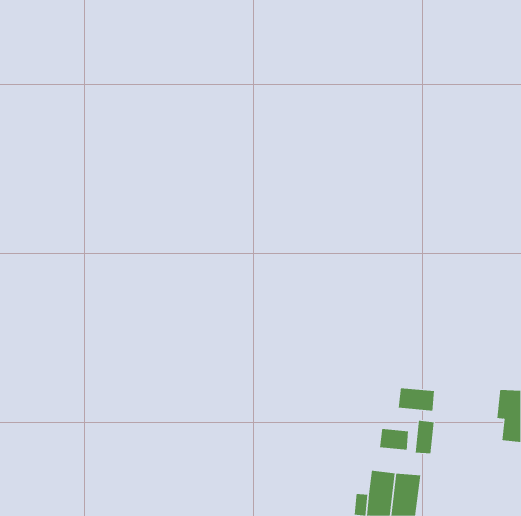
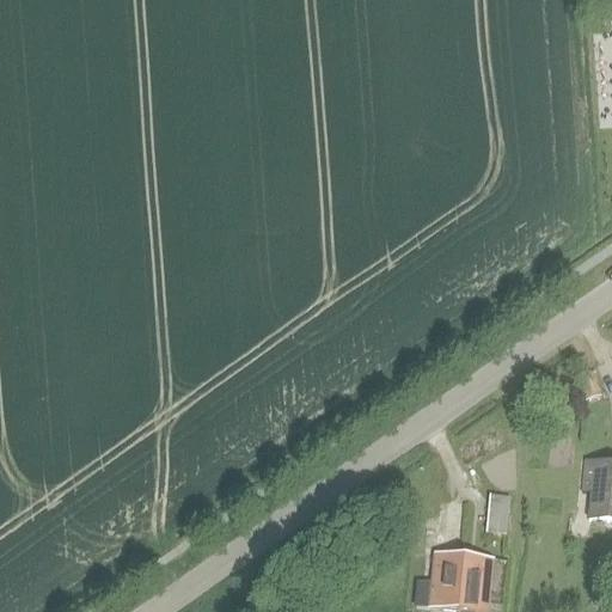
building: [398,387,434,411] -> none
building: [380,428,409,451] -> none

